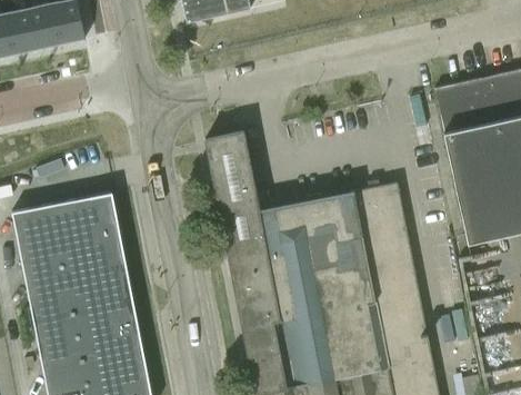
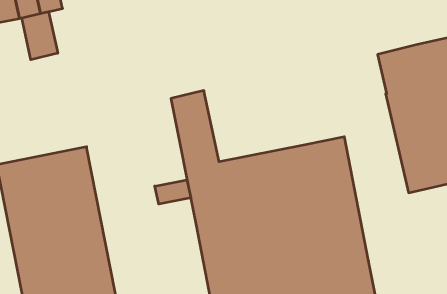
building: none -> [22,12,58,60]
building: none -> [155,180,191,204]

